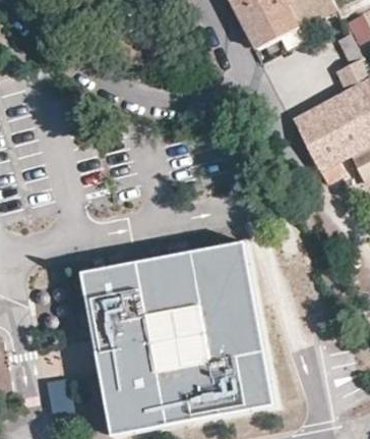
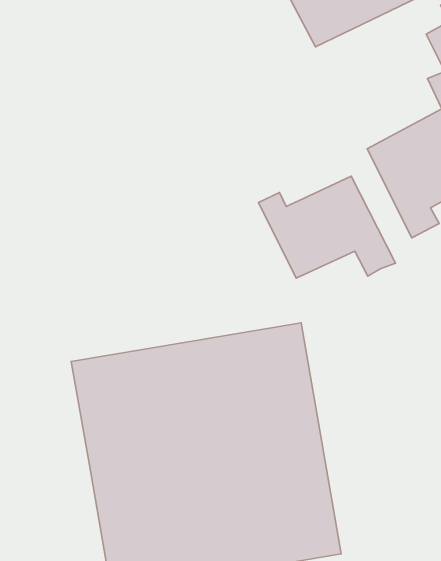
building: none -> [258,176,396,278]

